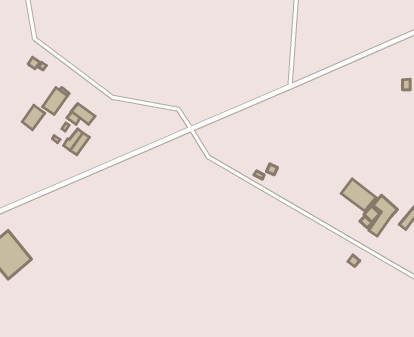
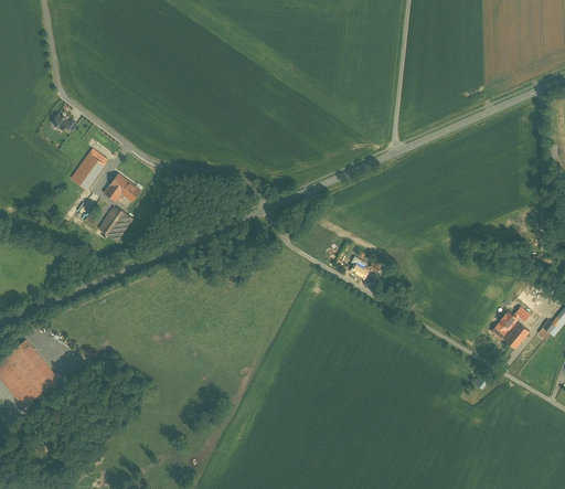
building: [22,105,45,130] -> none
building: [341,179,376,211] -> none

